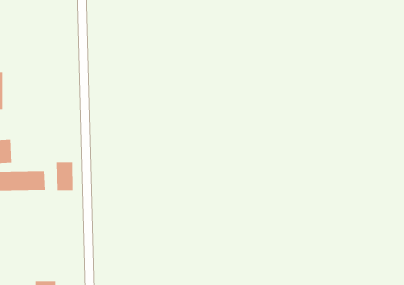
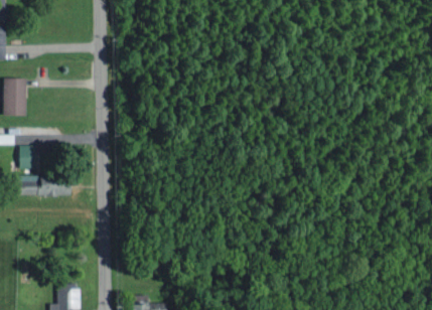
building: [56,162,73,191] -> none

